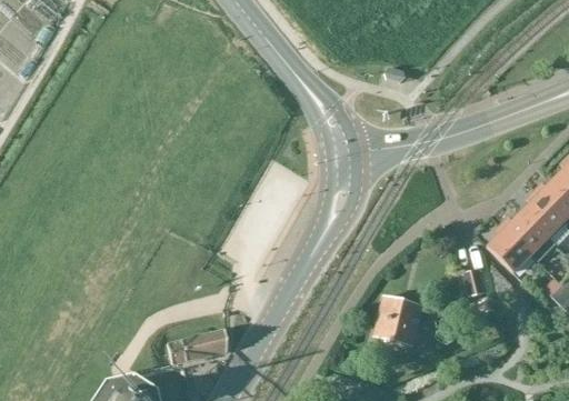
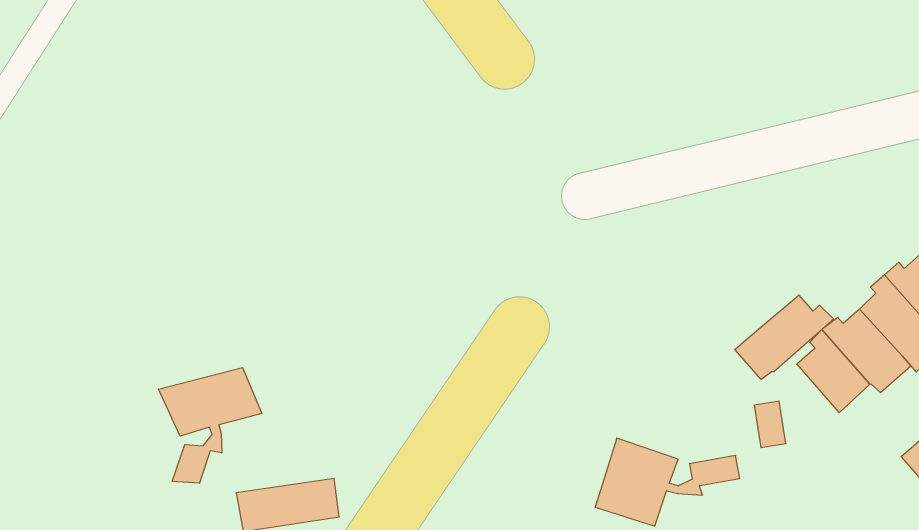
building: none -> [735,295,834,379]
building: none -> [158,368,262,483]

